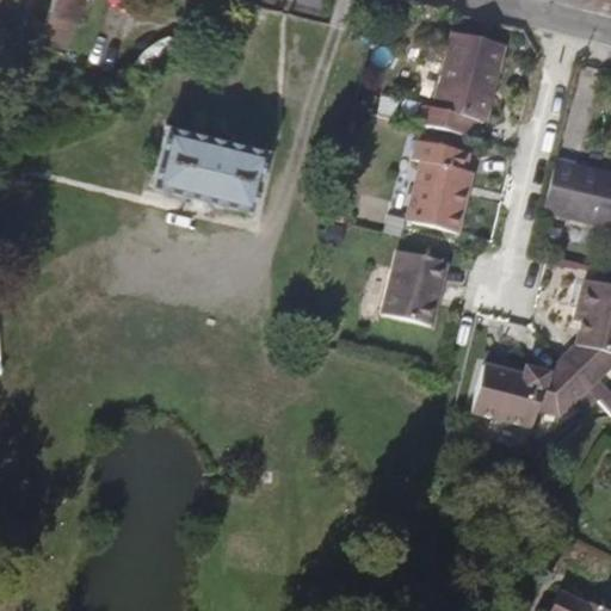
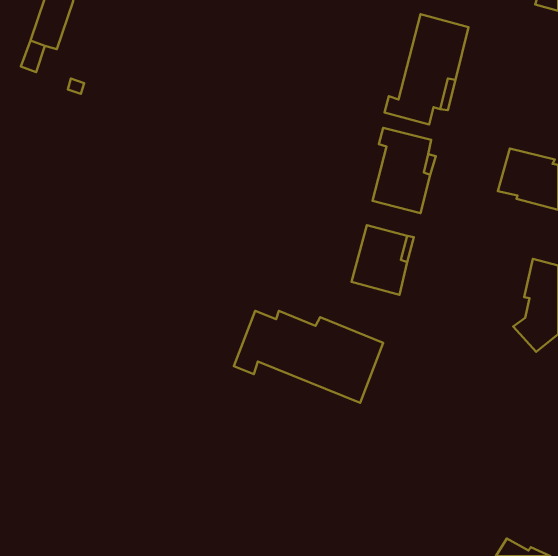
building: [146,124,261,211] -> none
building: none -> [234,311,383,403]
building: [468,357,586,425] -> none

